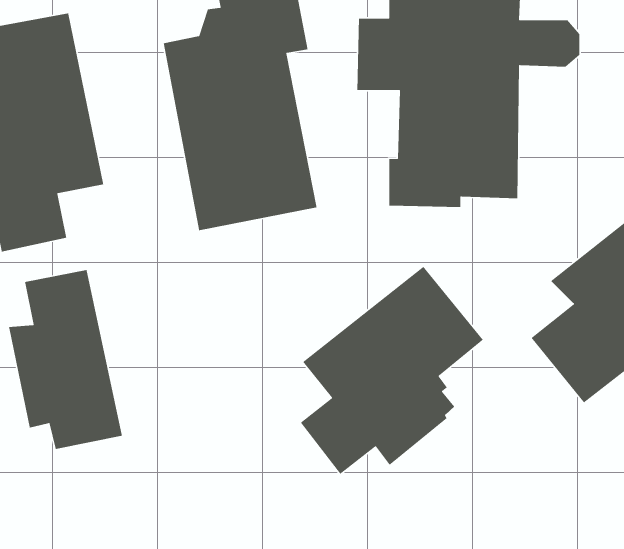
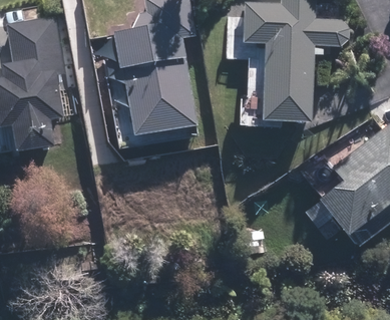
building: [300,266,484,475] -> none
building: [8,269,123,450] -> none

